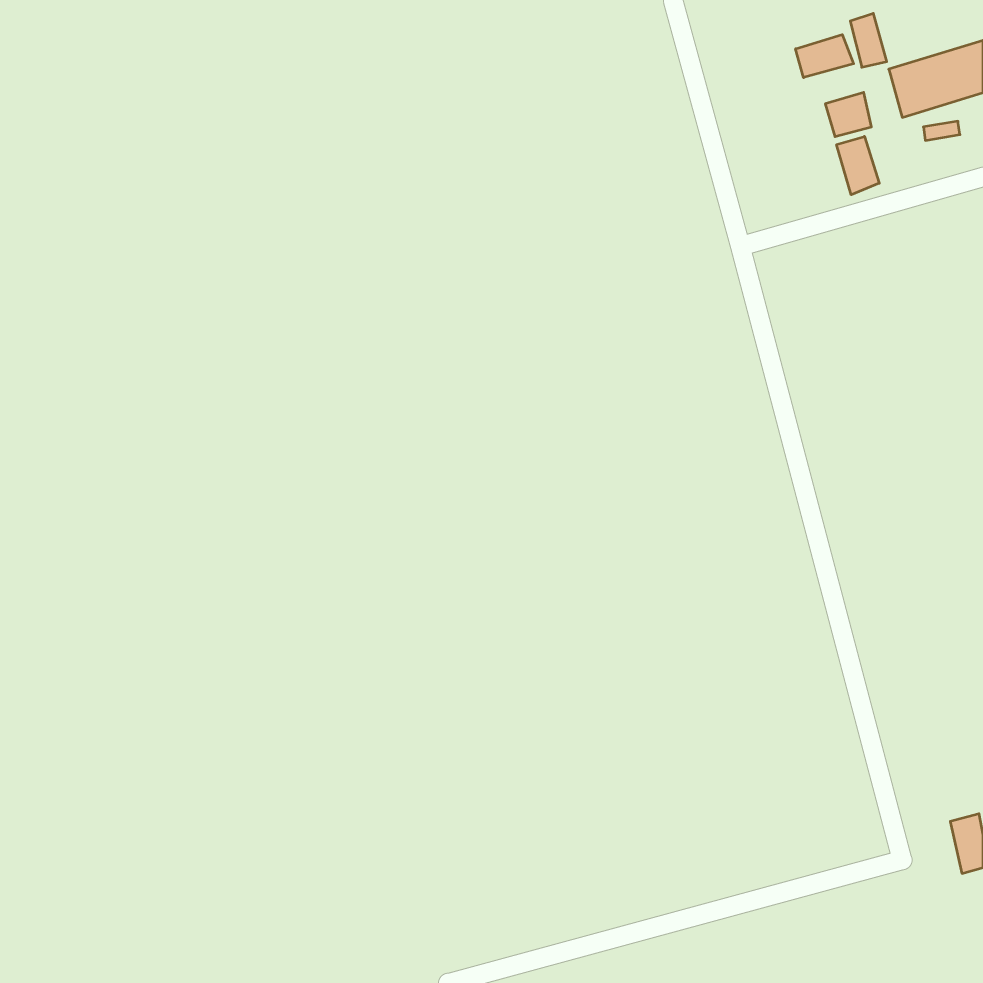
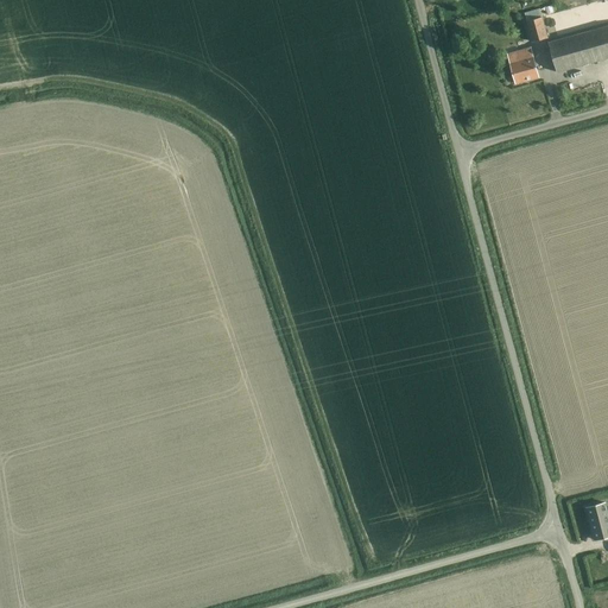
building: [796,35,854,78] -> none
building: [837,136,879,195] -> none

